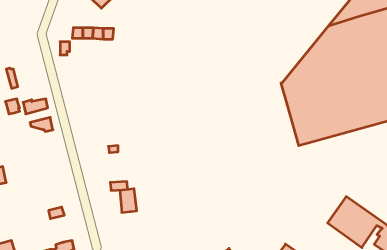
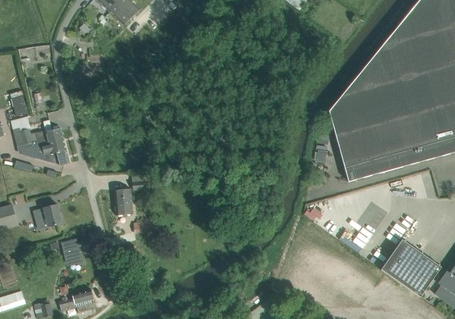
building: none -> [24,139,66,160]
building: none -> [33,205,63,227]
building: [120,189,137,212] -> [114,189,133,216]

